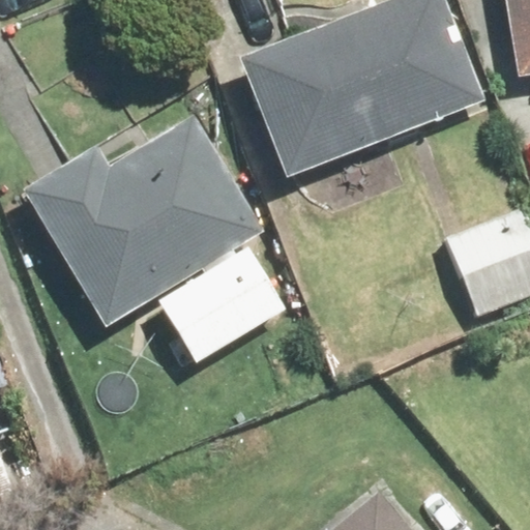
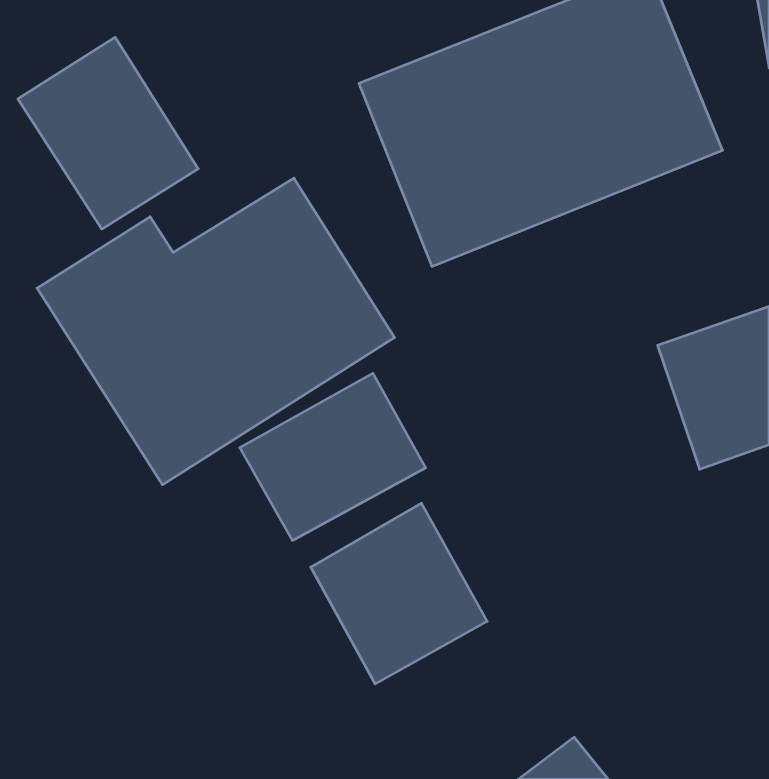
building: none -> [18,37,198,229]
building: none -> [311,503,487,684]

